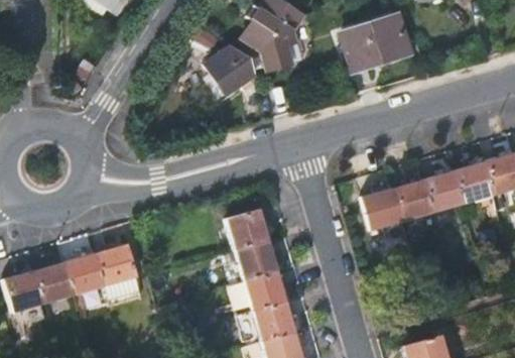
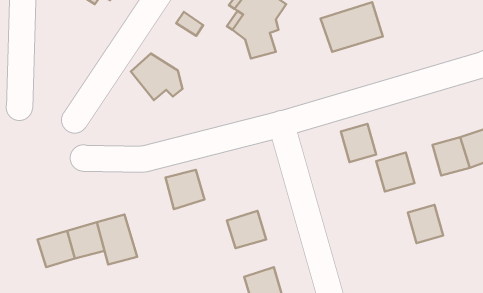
building: [201,46,255,96] -> [131,53,182,100]
building: [429,168,467,209] -> [408,205,443,243]
building: [370,186,407,226] -> [341,124,376,162]
building: [232,207,273,248] -> [165,170,205,209]
building: [10,268,50,307] -> none
building: [250,268,290,308] -> none

